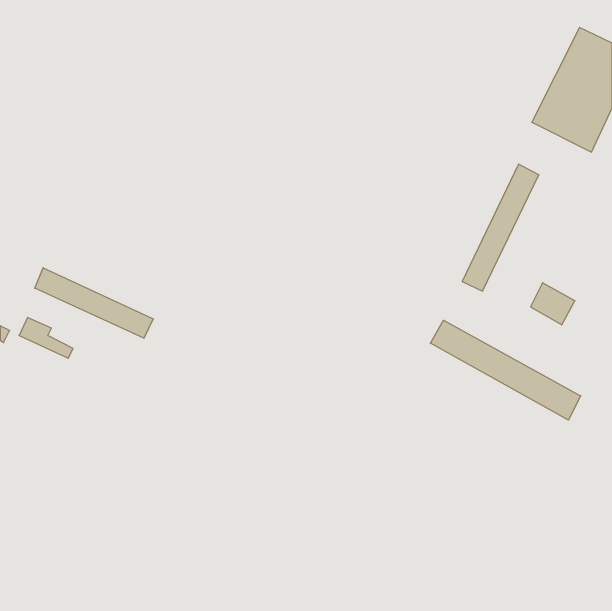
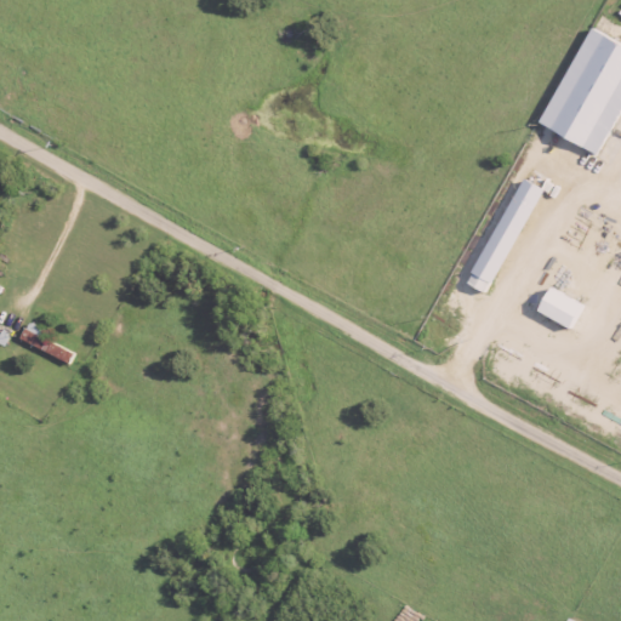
building: [35,268,153,338] -> none
building: [430,320,581,420] -> none

